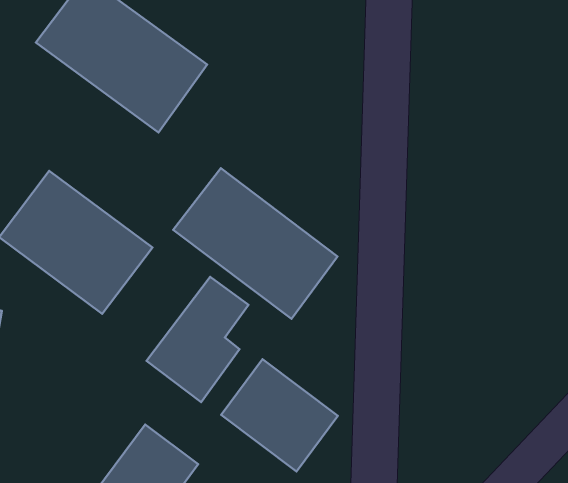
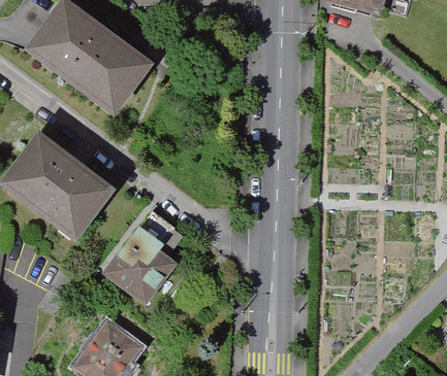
building: [173,168,337,319] -> none
building: [221,359,338,471] -> none

